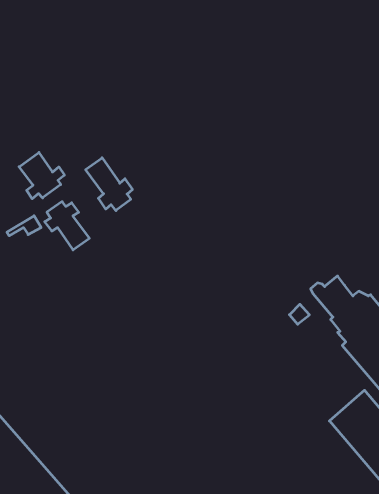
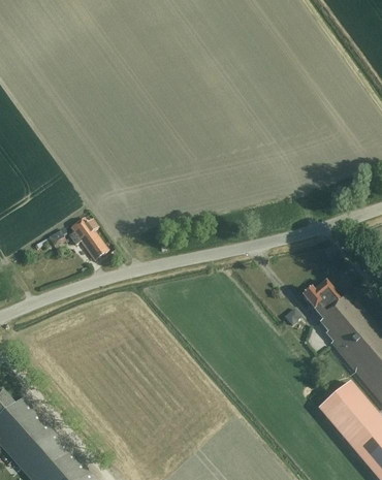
building: [19,152,64,199] -> none
building: [86,158,132,211] -> none

